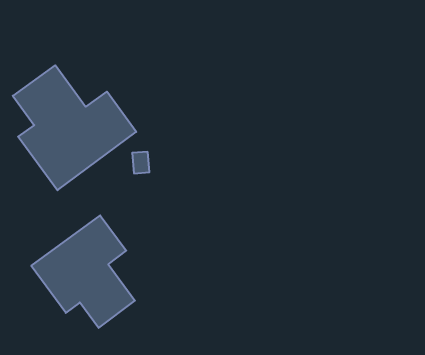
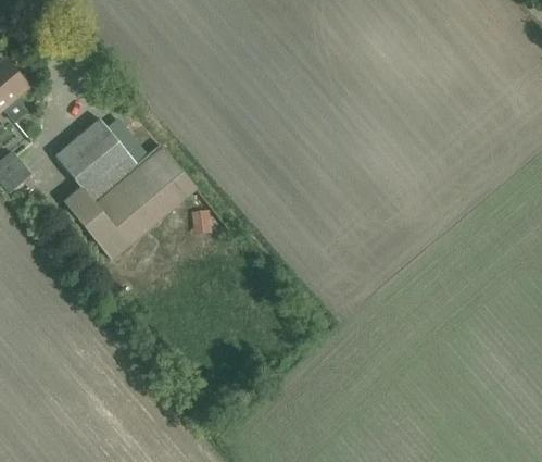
building: [31,215,135,328] -> none

